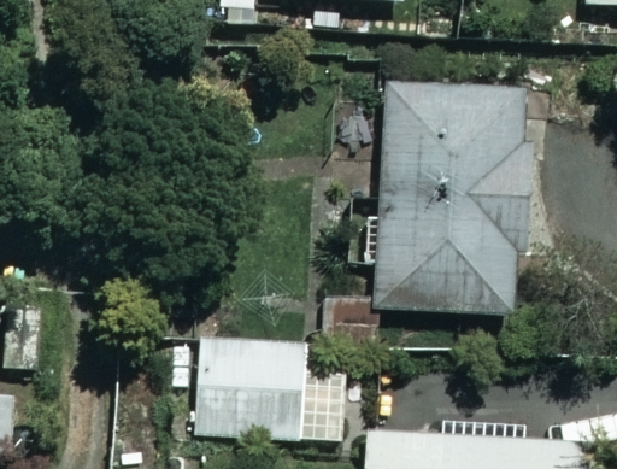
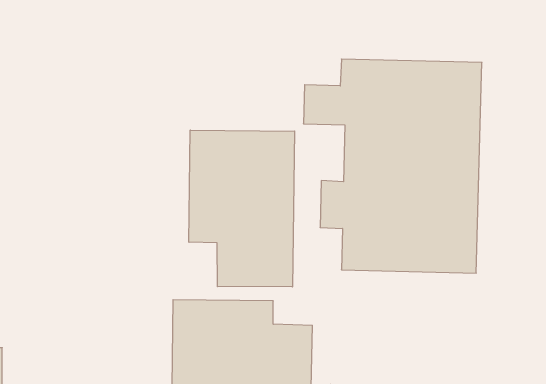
building: none -> [189,130,295,287]

